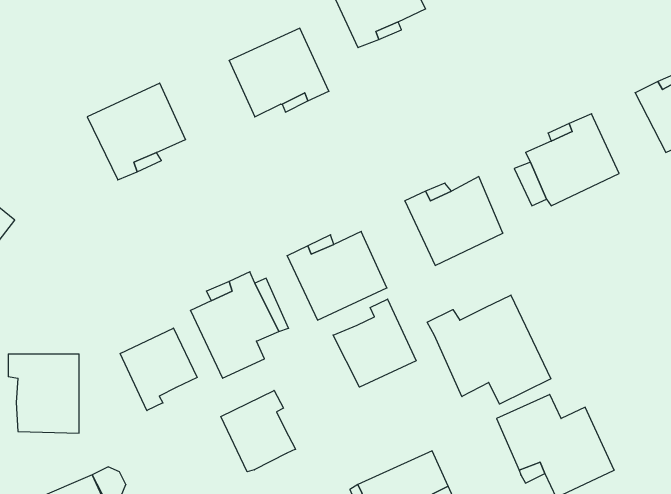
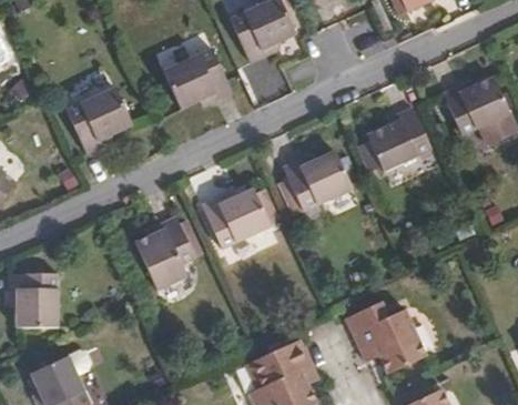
building: [427,295,551,404] -> none
building: [333,299,416,387] -> none
building: [120,328,197,411] -> none
building: [221,390,296,472] -> none

